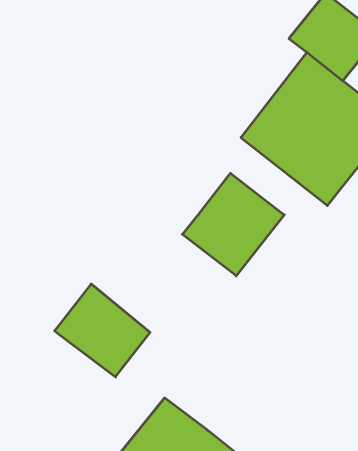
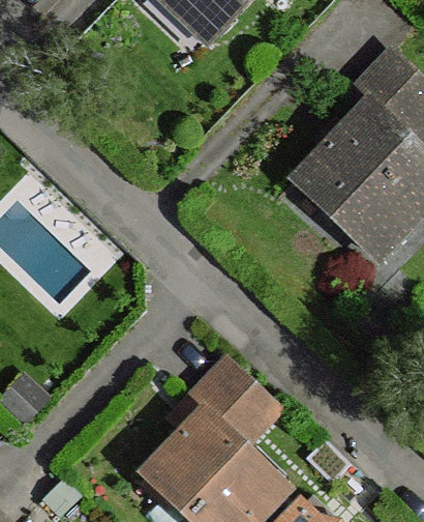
building: [182,173,284,276] -> none
building: [55,284,150,377] -> [188,363,277,452]

